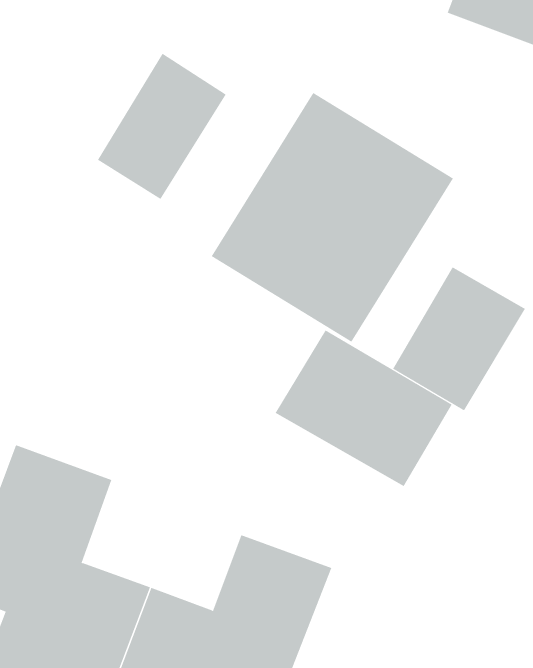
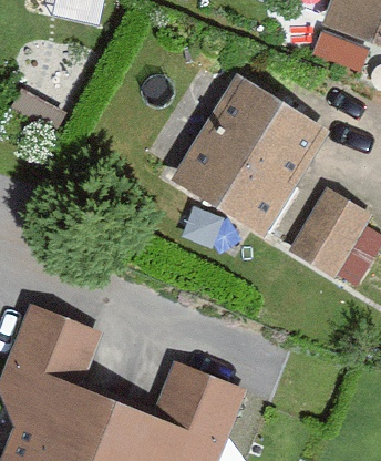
building: [97,53,227,200] -> none
building: [275,330,452,487] -> none

